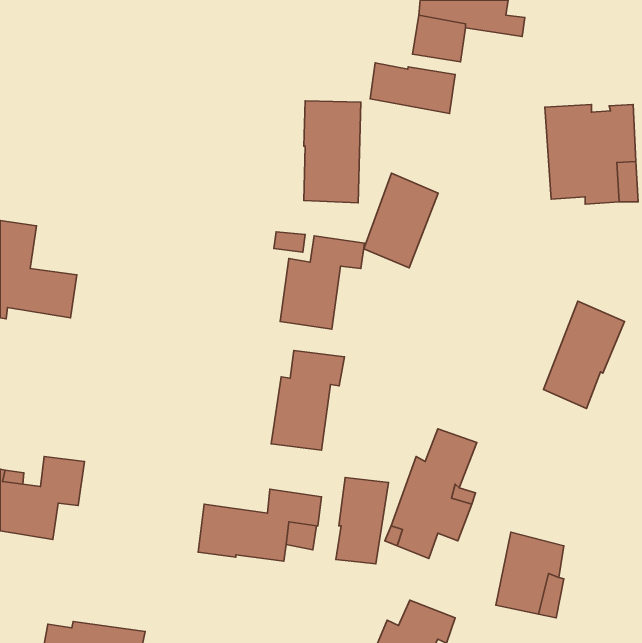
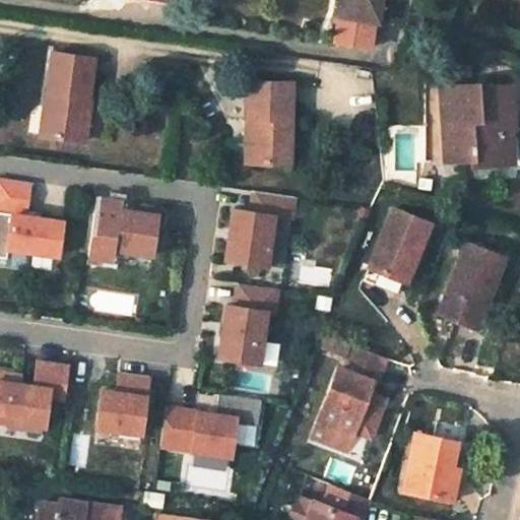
building: [370,63,455,113] -> none
building: none -> [42,53,94,141]
building: [364,173,438,268] -> [369,207,429,283]
building: none -> [89,198,159,260]
building: none -> [94,385,148,447]
building: [336,477,389,564] -> none

